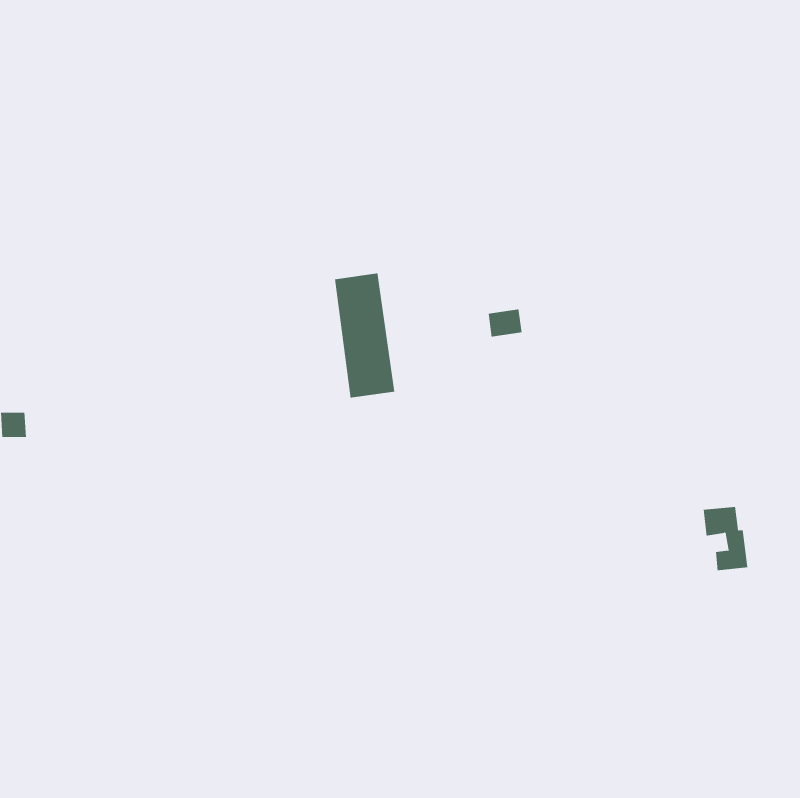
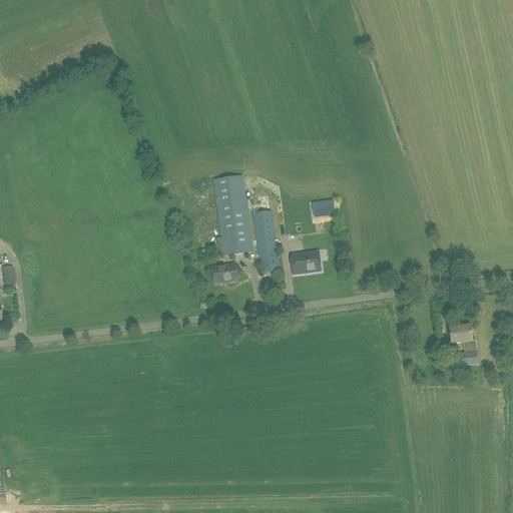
building: none -> [253,209,279,272]
building: none -> [291,250,320,273]
building: none -> [212,264,237,283]

